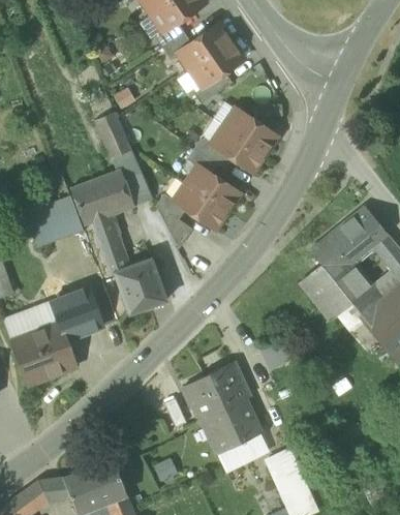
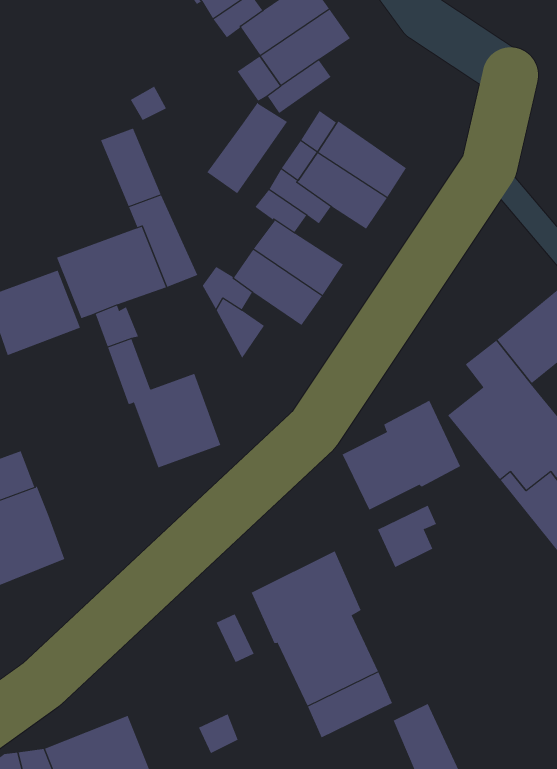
building: none -> [207,101,288,194]
building: none -> [342,400,461,511]
building: [50,287,102,340] -> none

